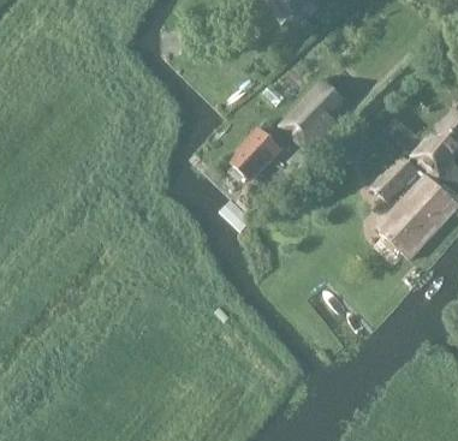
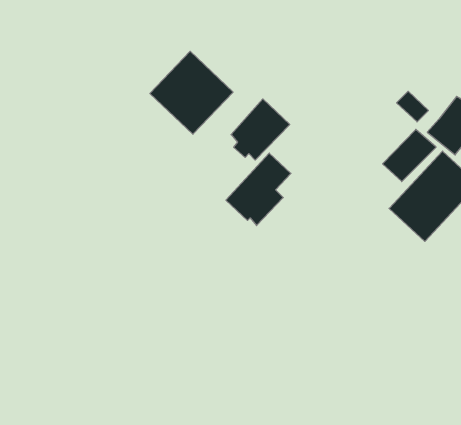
building: none -> [150,51,233,134]
building: [284,79,345,148] -> [226,153,291,226]

